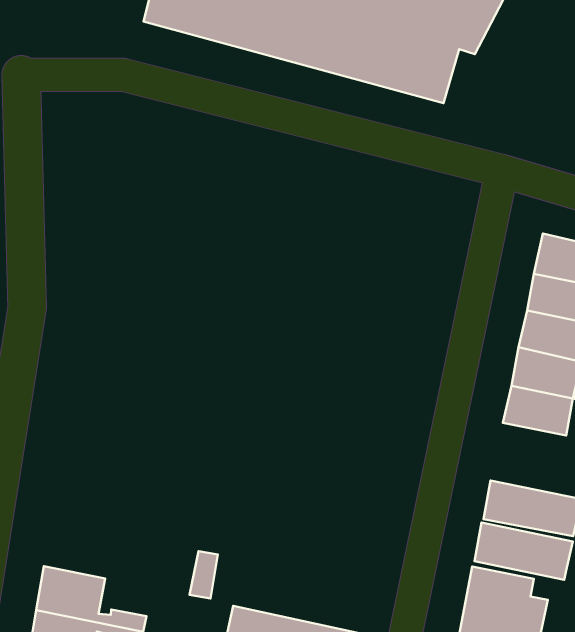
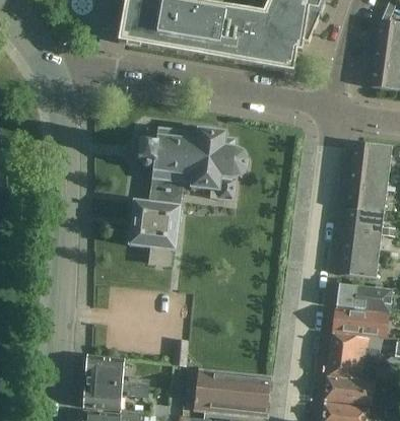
building: none -> [126,128,249,265]
building: none -> [340,251,379,277]

